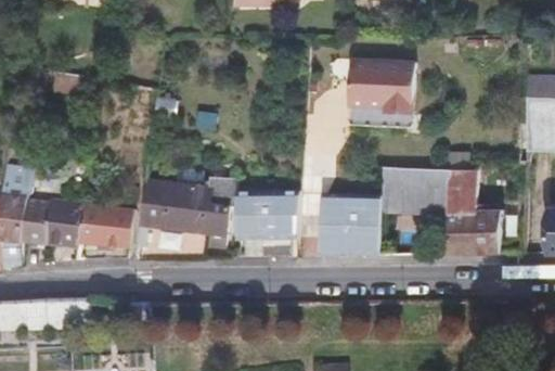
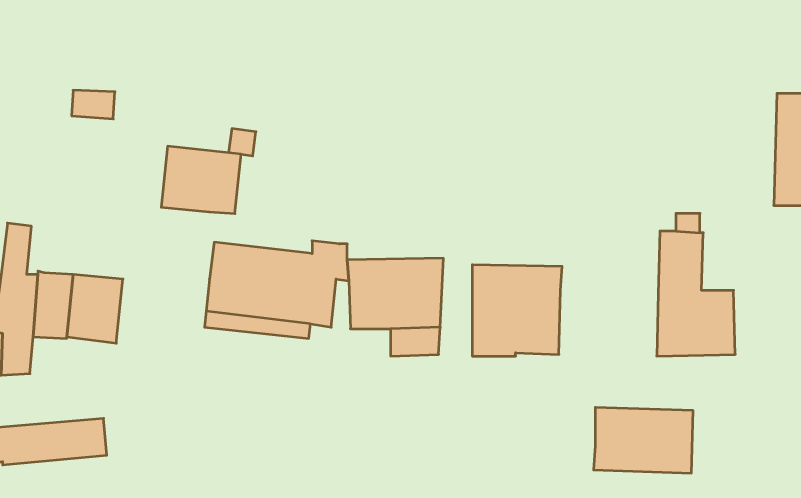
building: [330,62,416,126] -> none
building: [380,168,448,213] -> [594,407,693,473]
building: [80,203,134,248] -> [161,146,241,214]

